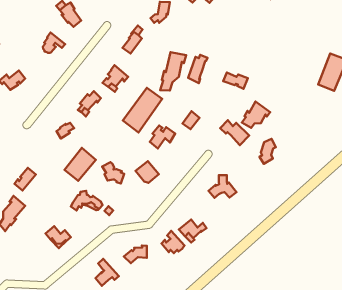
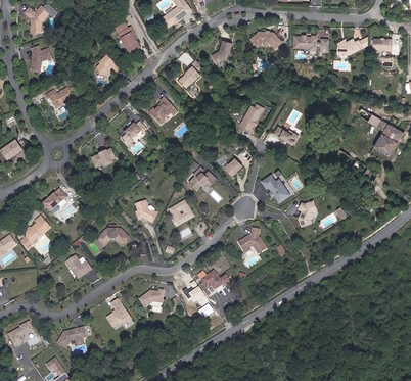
building: [160,52,186,90] -> none
building: [123,88,162,133] -> none
building: [242,102,270,128] -> none
building: [65,148,96,181] -> none

